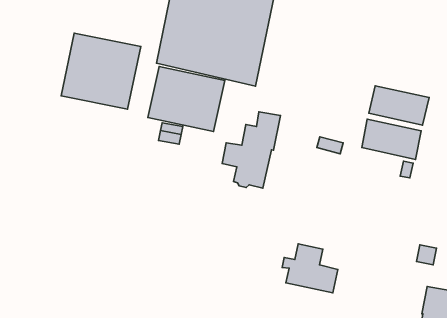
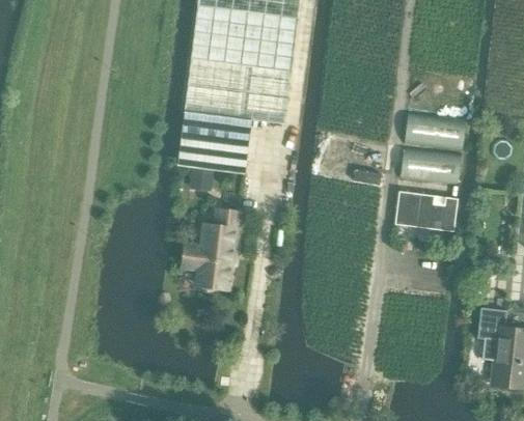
building: [61,33,141,109] -> none
building: [222,112,280,188] -> [182,210,238,290]
building: [282,244,338,293] -> [392,185,450,232]

